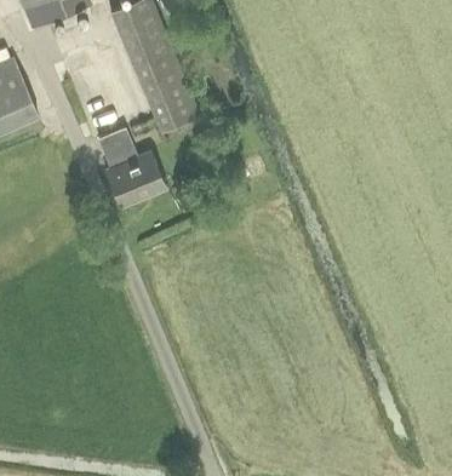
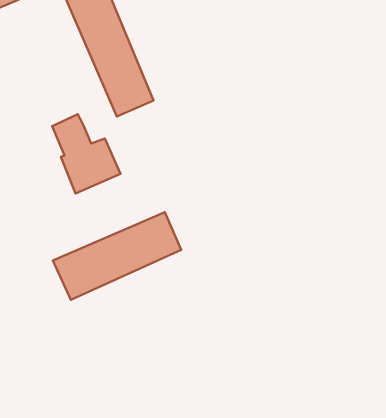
building: none -> [53,212,181,300]

